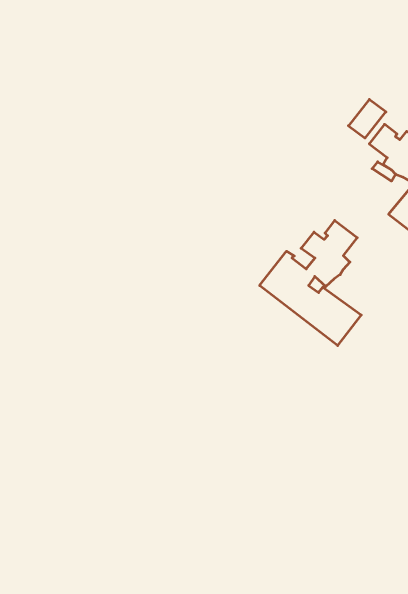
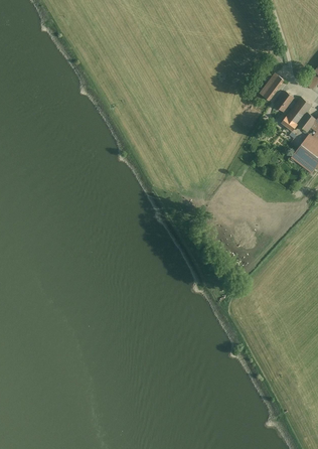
building: [260,220,361,346] -> none

